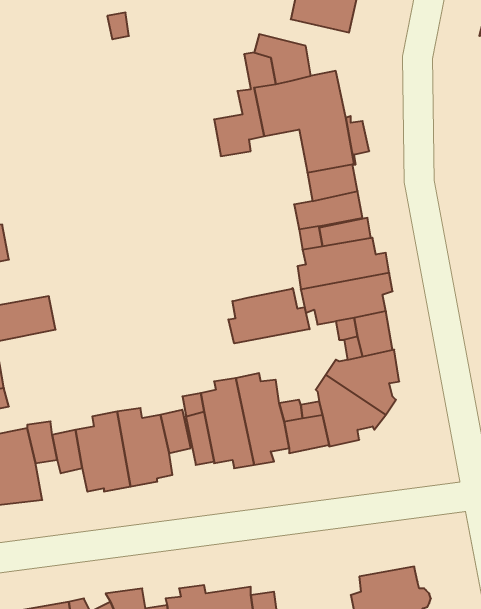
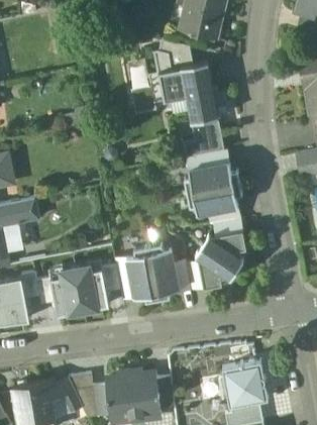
building: [228,288,310,343] -> none

